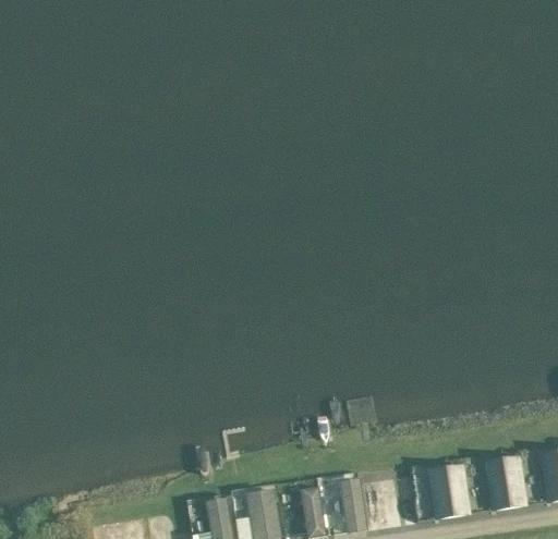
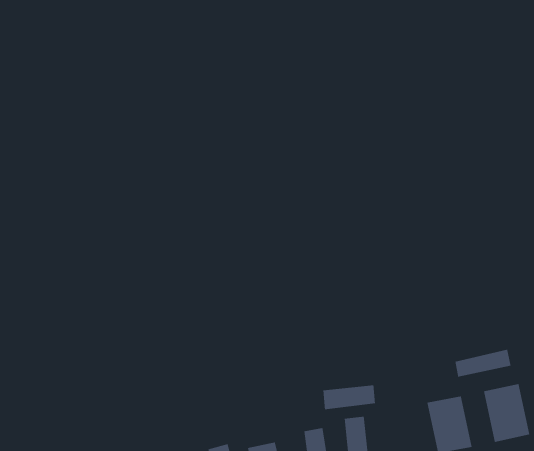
building: none -> [455,349,511,378]
building: none -> [323,385,376,410]

